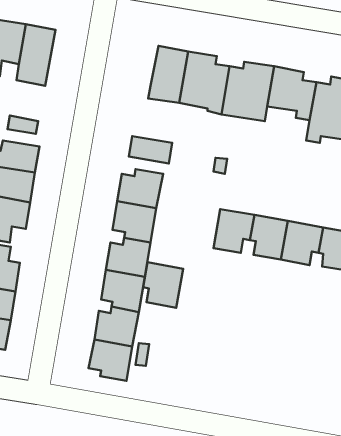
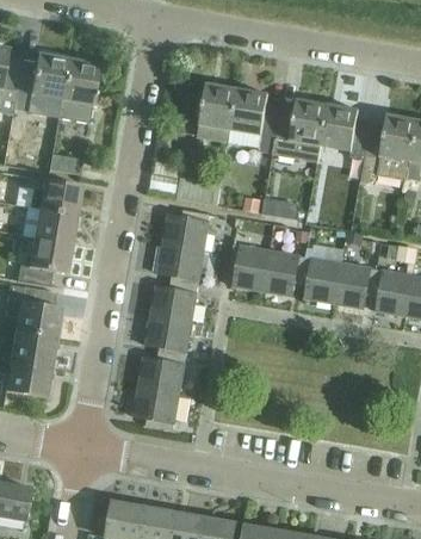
building: [143,262,183,308] -> [229,244,271,292]

